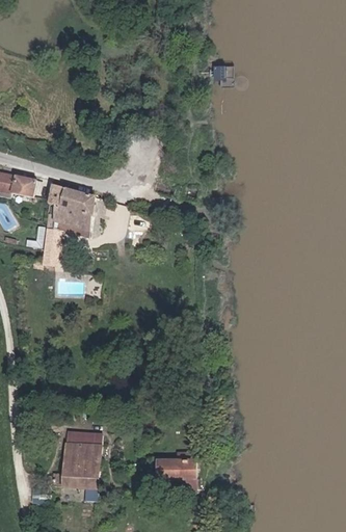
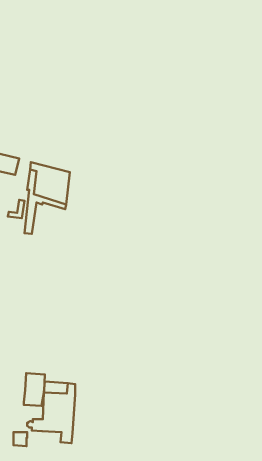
building: none -> [24,373,45,406]
building: [158,460,195,490] -> none

